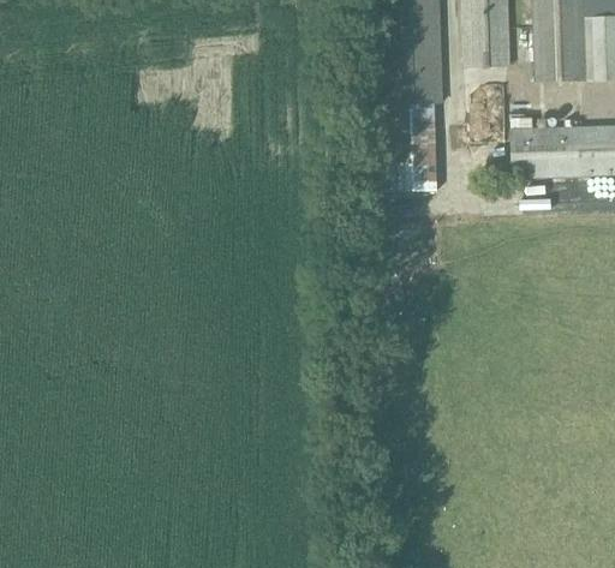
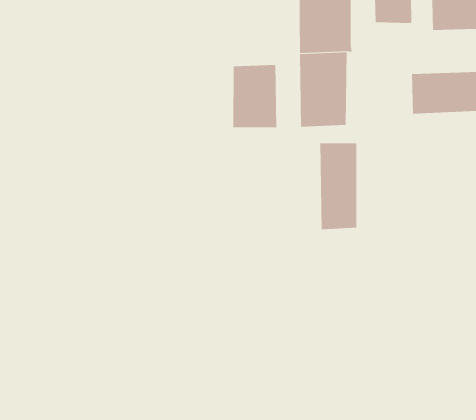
building: none -> [233,64,277,128]
building: none -> [320,142,357,230]

